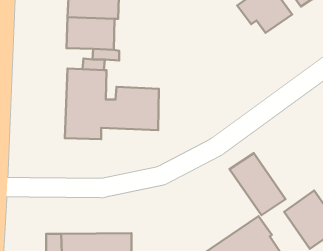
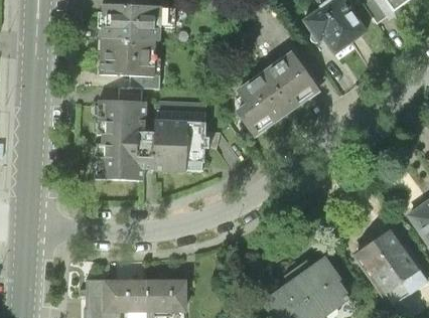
building: none -> [233,51,316,134]
building: [230,153,286,215] -> none

